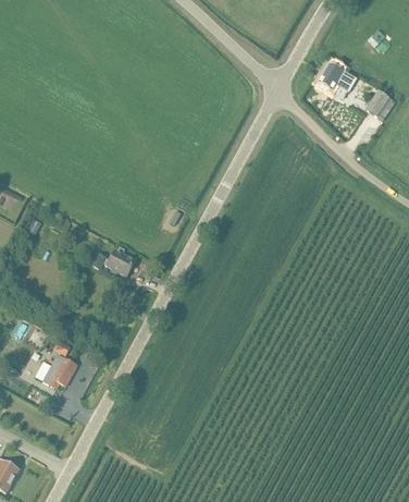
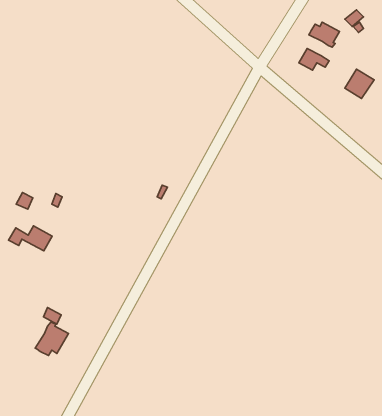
building: none -> [309,22,340,47]
building: [88,249,134,276] -> [8,226,52,251]

